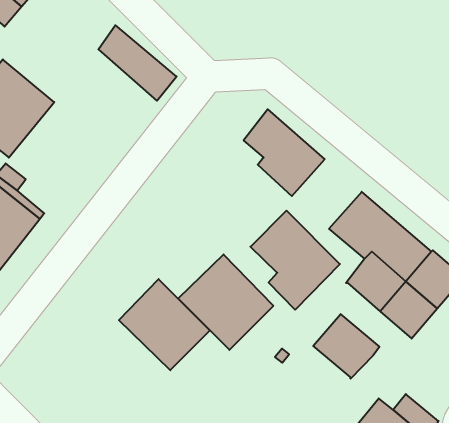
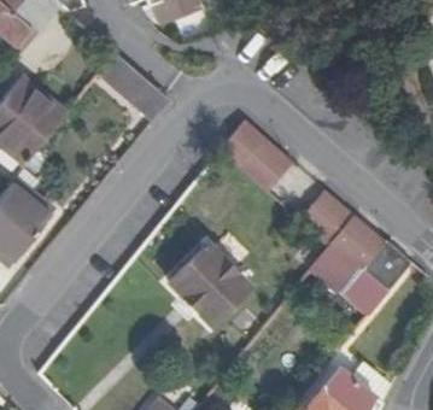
building: [250,211,340,310] -> none
building: [119,279,210,370] -> none
building: [313,314,379,379] -> none

